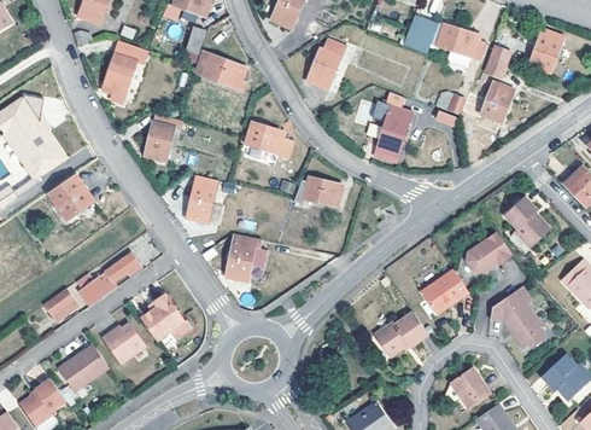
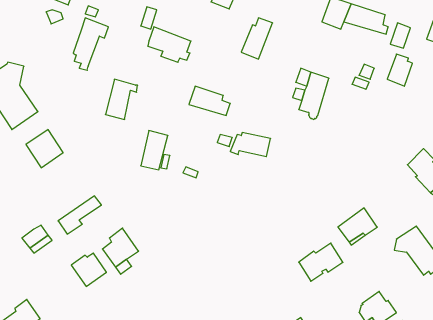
building: [224,234,261,281] -> none
building: [468,234,513,274] -> none
building: [62,345,109,391] -> none

